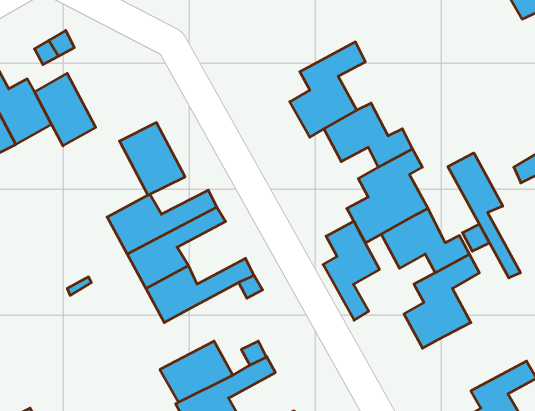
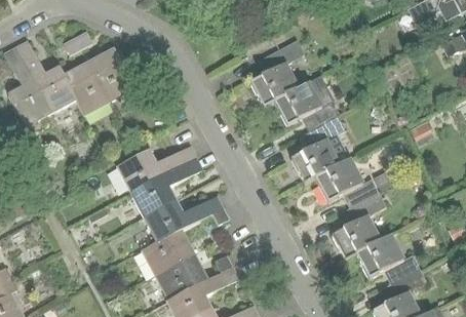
building: [119,123,185,195] -> [88,48,135,101]
building: [448,153,520,278] -> none
building: [323,221,379,320] -> none
building: none -> [142,229,194,275]
building: none -> [355,236,419,282]

